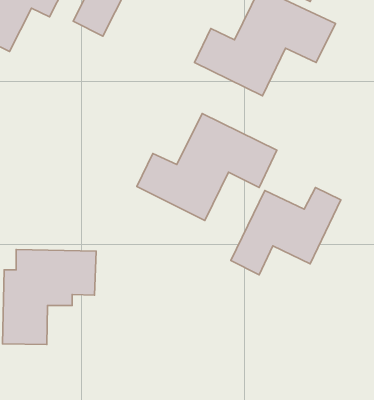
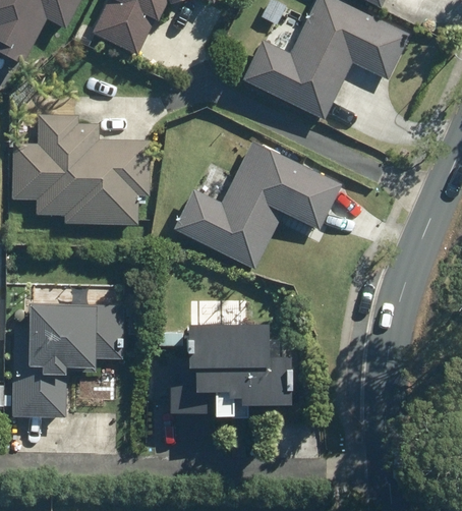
building: none -> [24,127,150,211]
building: [231,187,341,275] -> none
building: none -> [168,324,291,416]

